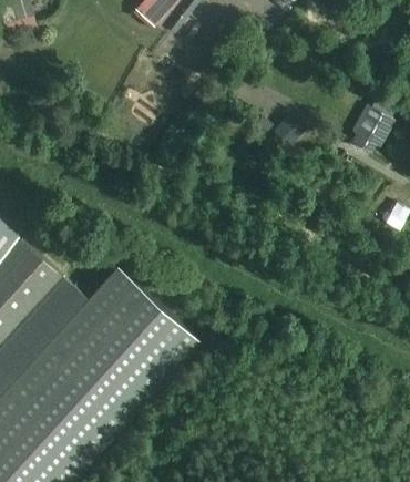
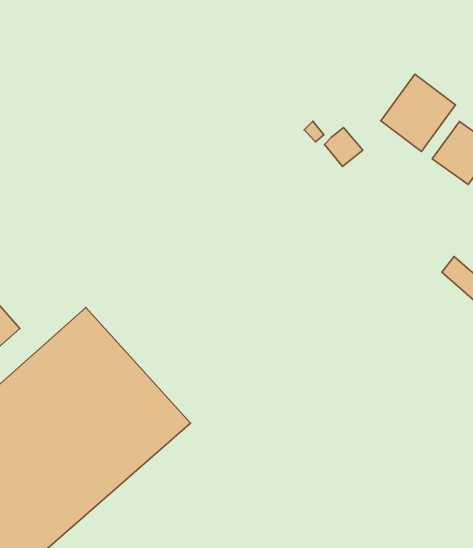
building: none -> [381,74,455,151]

